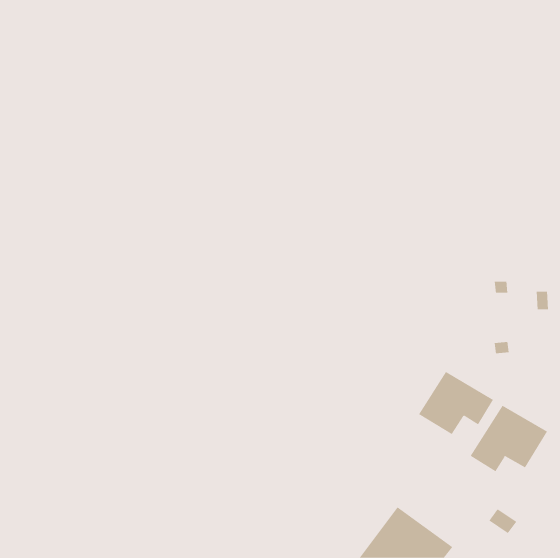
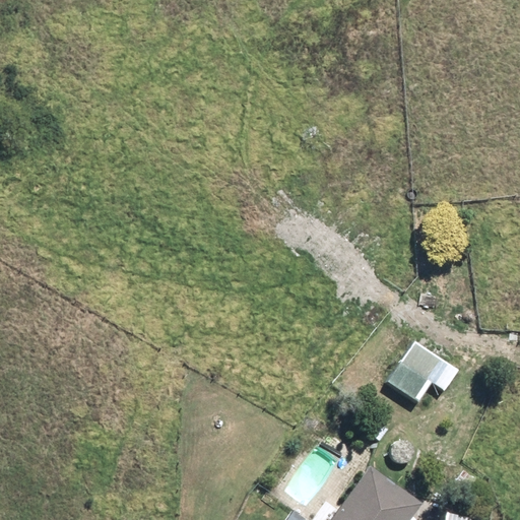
building: [470,405,548,472] -> none

